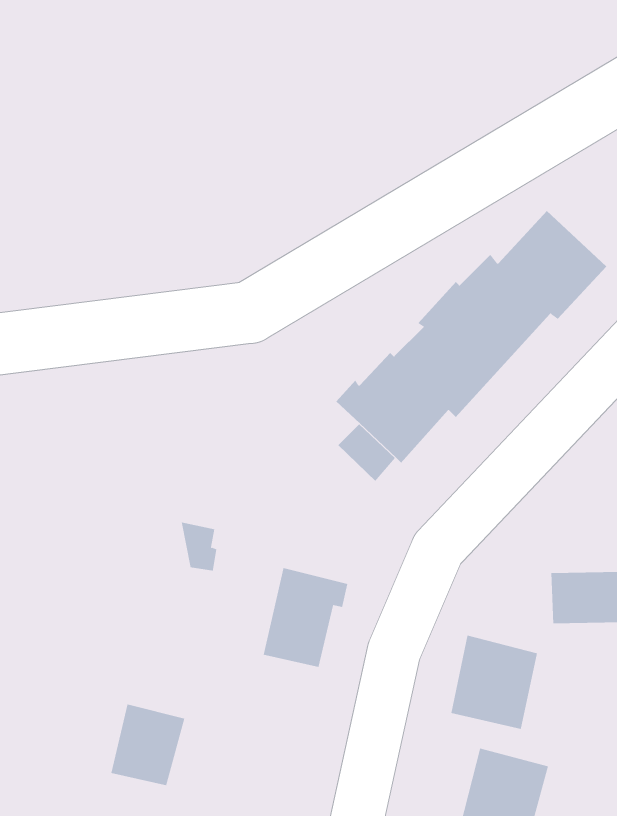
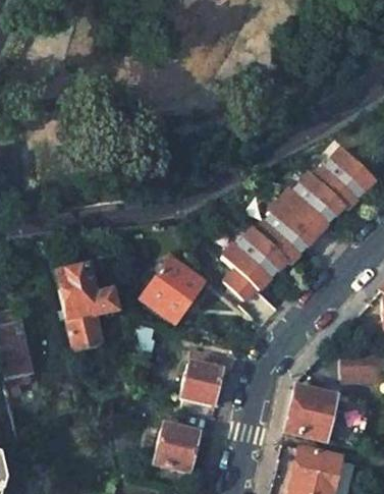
building: none -> [142,257,203,320]
building: none -> [55,265,115,351]
building: [110,704,185,786] -> [156,424,198,470]

